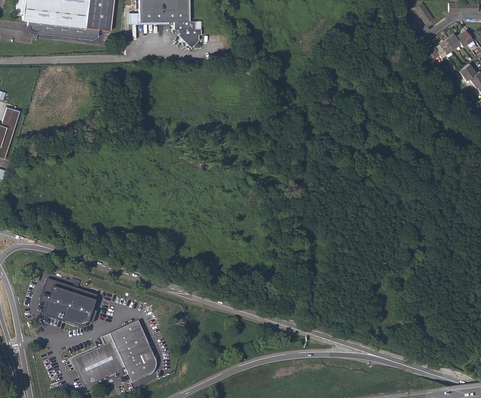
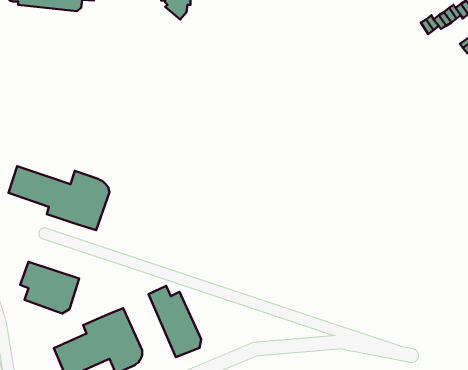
building: none -> [9,166,109,230]
building: none -> [149,286,201,357]

